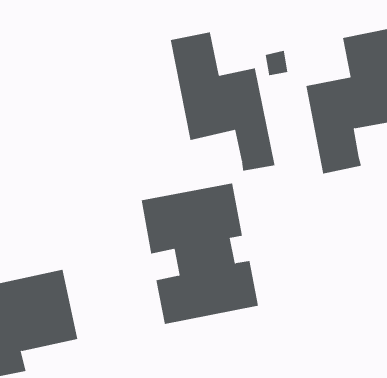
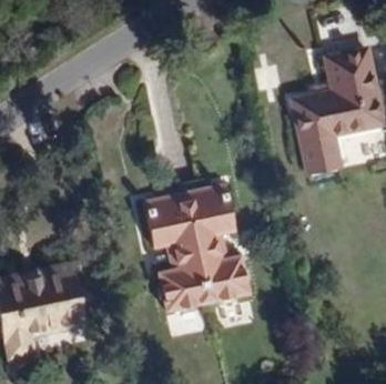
building: [170,32,275,171] -> none

